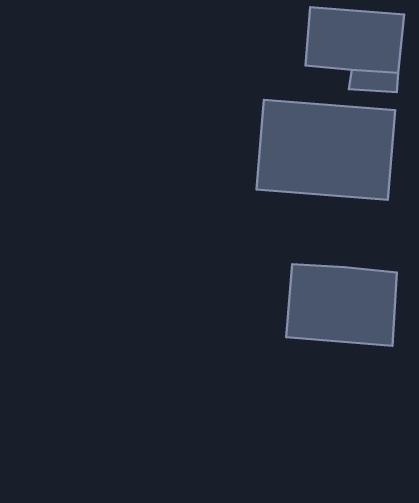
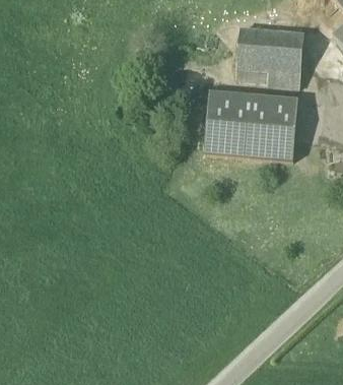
building: [286,264,397,346] -> none

